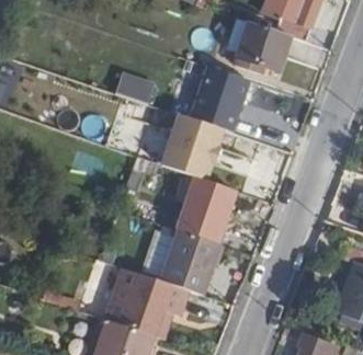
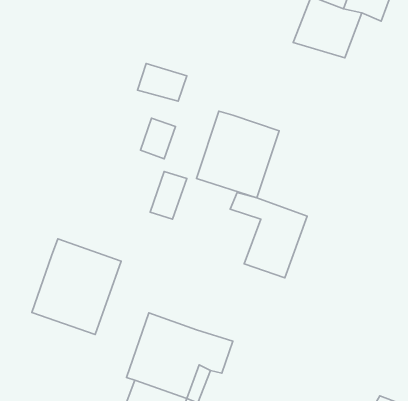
building: [189,64,250,127] -> none
building: none -> [32,239,121,335]
building: [160,228,222,295] -> none

